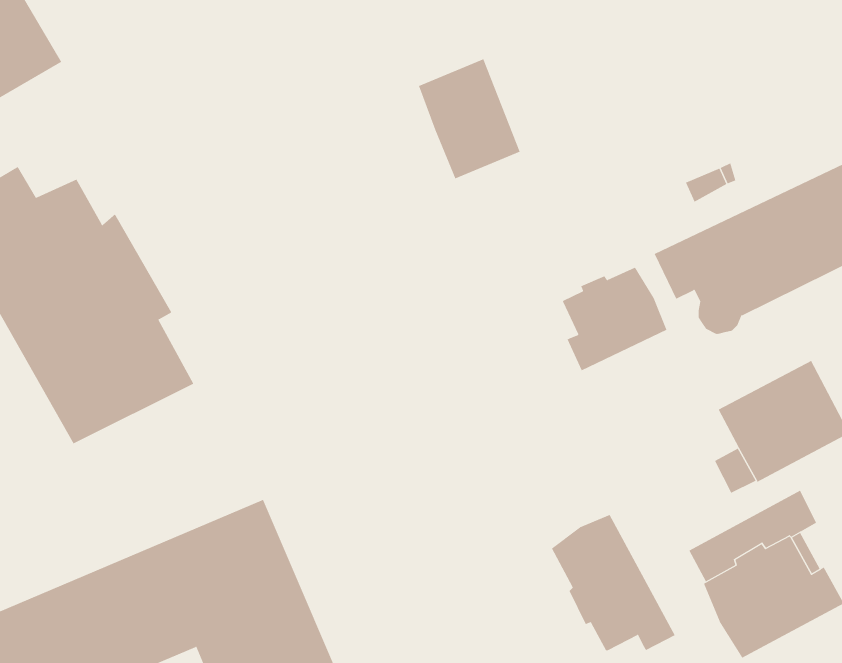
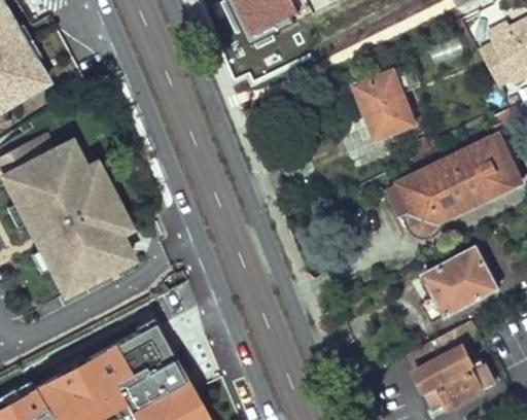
building: [418,58,521,179] -> [356,71,414,139]
building: [562,267,667,371] -> none
building: [551,514,676,651] -> none

